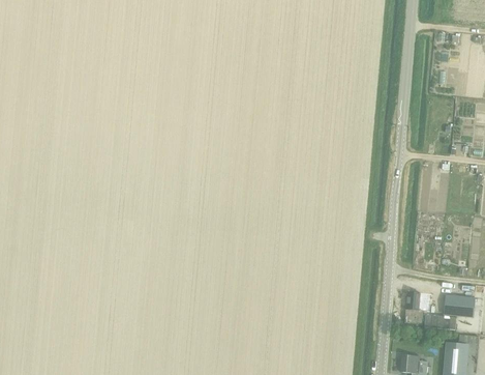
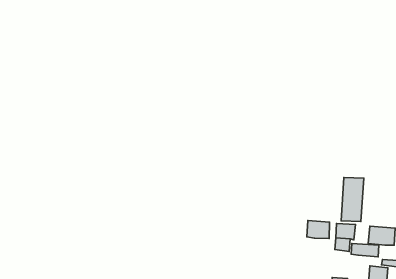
building: none -> [341,177,364,222]
building: none -> [307,221,330,238]

